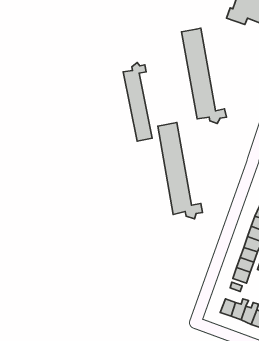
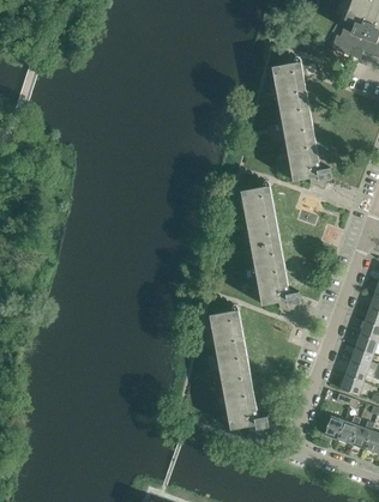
building: [123,62,152,141] -> none
building: none -> [210,309,269,434]

